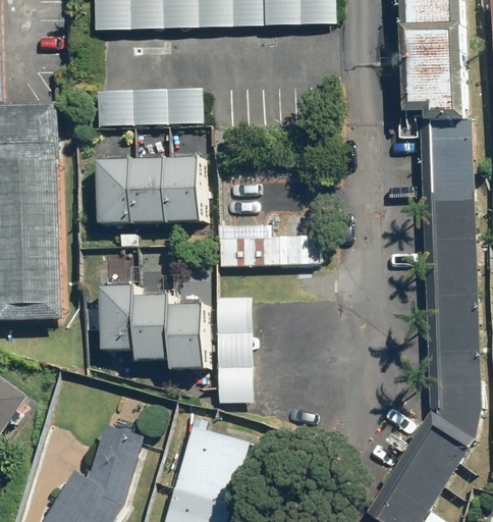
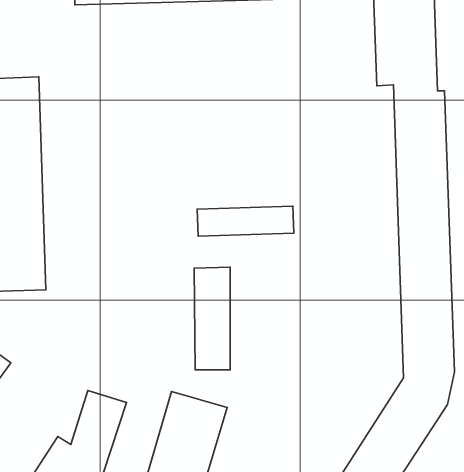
building: [96,89,202,124] -> none
building: [98,159,202,225] -> none
building: [100,286,204,370] -> none

